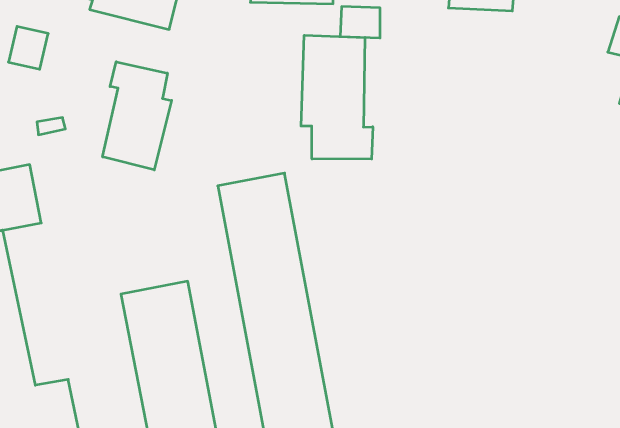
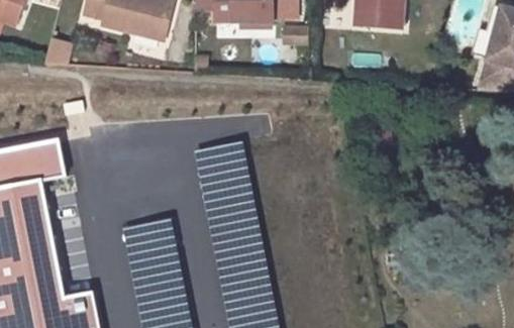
building: [301,35,373,159] -> none
building: [103,62,172,170] -> none

